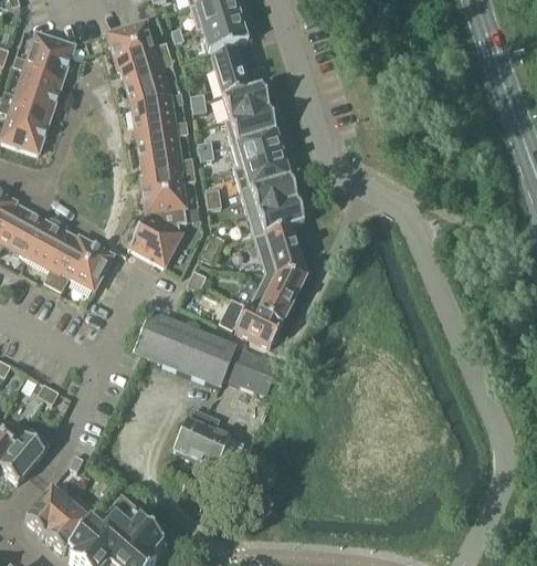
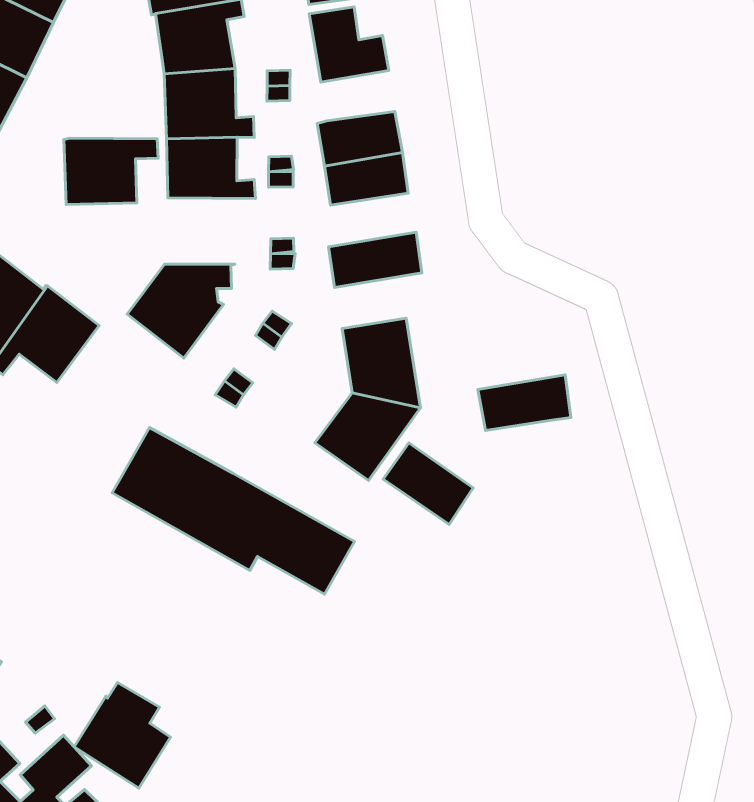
building: [223,84,268,118] -> none
building: [234,154,291,191] -> none
building: [140,169,197,214] -> [64,138,158,204]
building: [248,199,304,238] -> [478,375,571,431]
building: [230,303,283,347] -> [383,443,473,524]
building: [176,408,231,468] -> [74,682,171,788]

